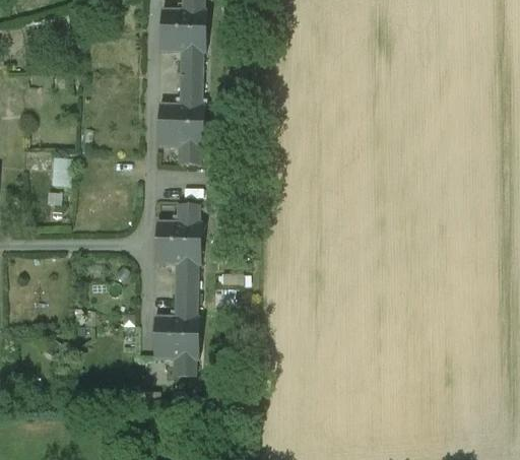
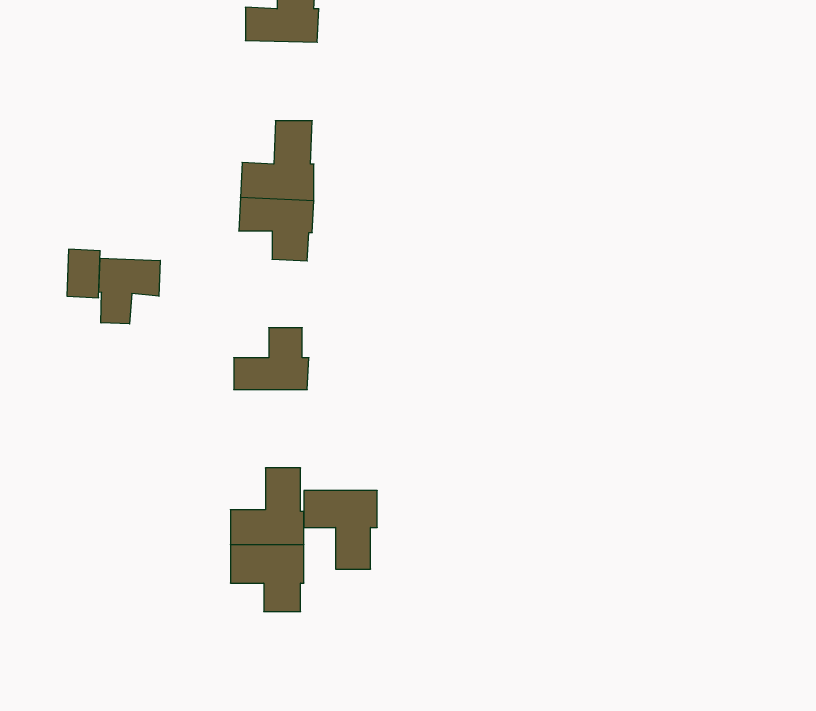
building: [161,28,206,77] -> none
building: none -> [99,258,160,324]
building: [155,241,200,288] -> [304,491,377,569]

